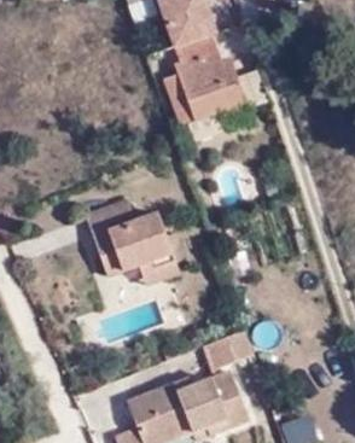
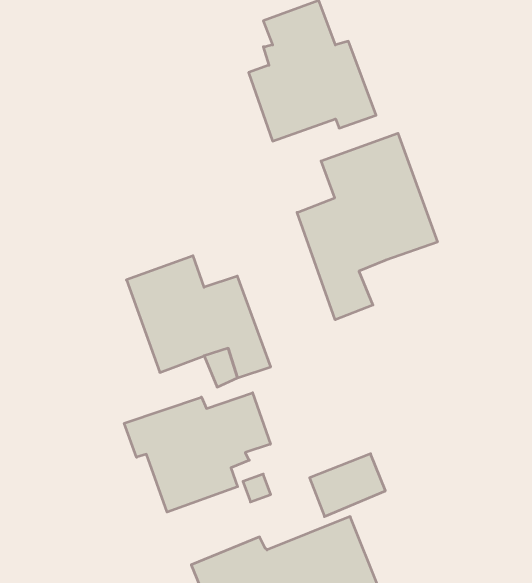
building: none -> [297,133,437,320]
building: none -> [124,393,270,512]

